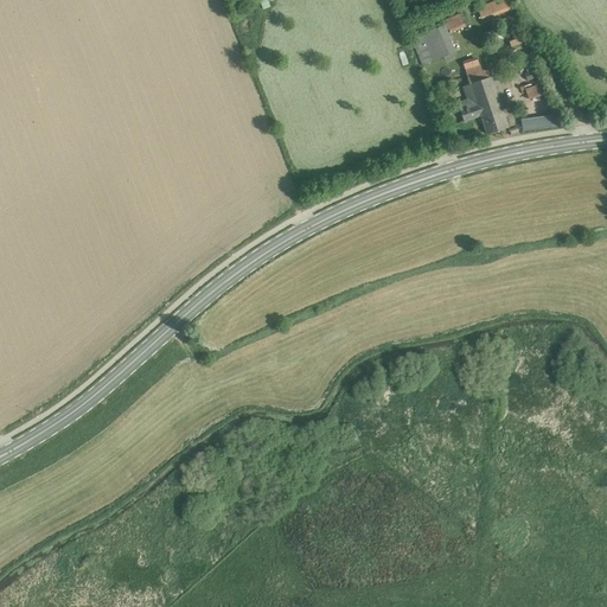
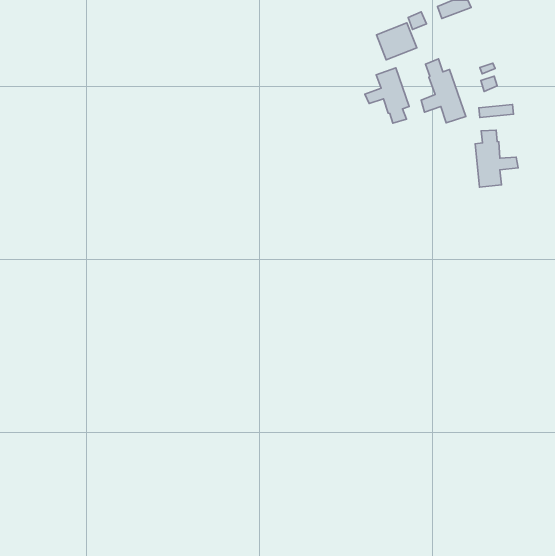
building: none -> [365,68,409,123]
building: none -> [475,130,518,187]

